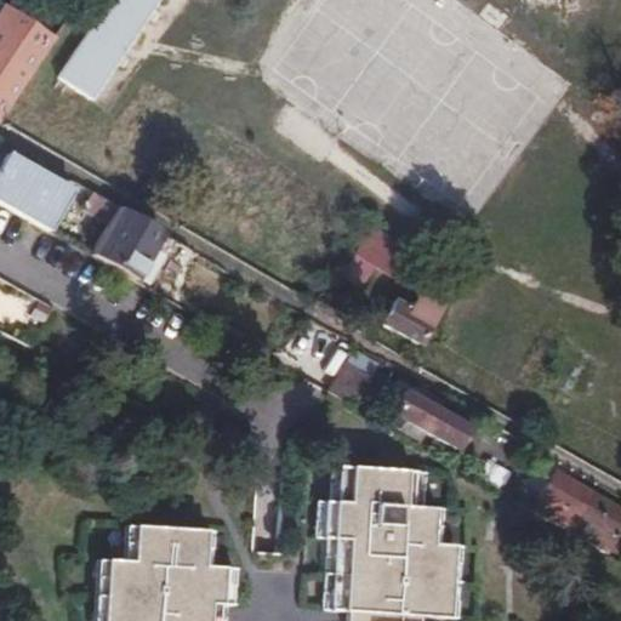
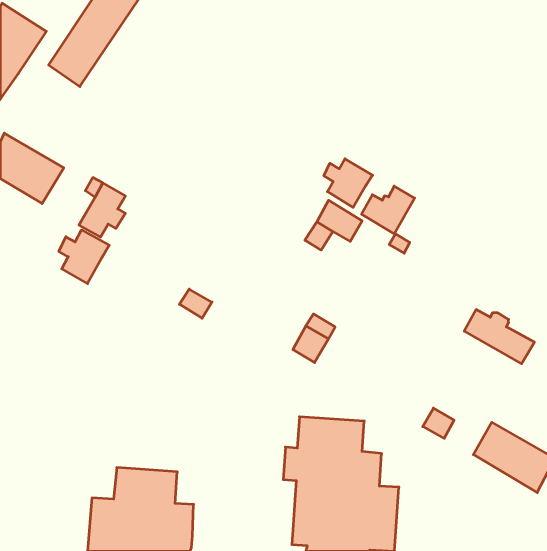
building: none -> [324,159,373,207]
building: none -> [59,230,109,284]
building: [386,289,445,342] -> [362,186,415,234]
building: [393,387,472,448] -> [464,310,534,364]

